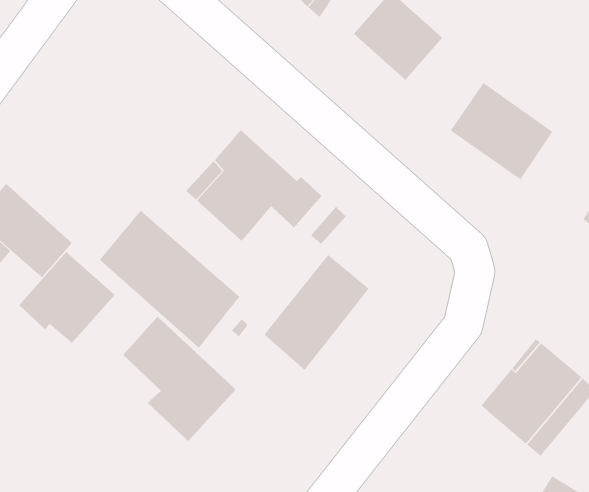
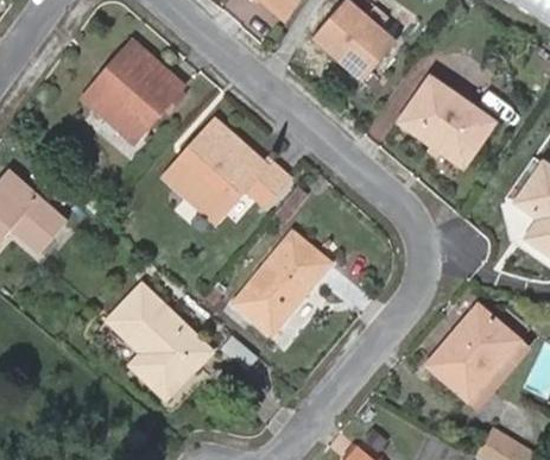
building: none -> [83,42,182,141]
building: [99,210,240,348] -> none
building: [18,251,115,344] -> none

